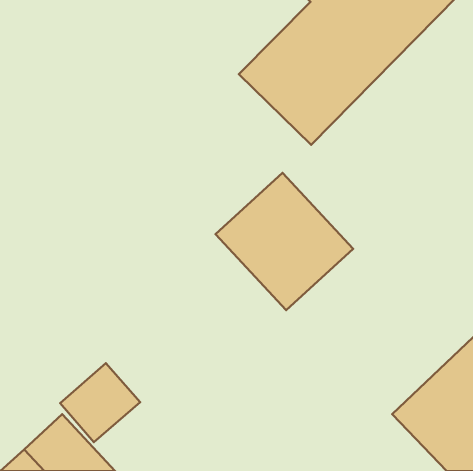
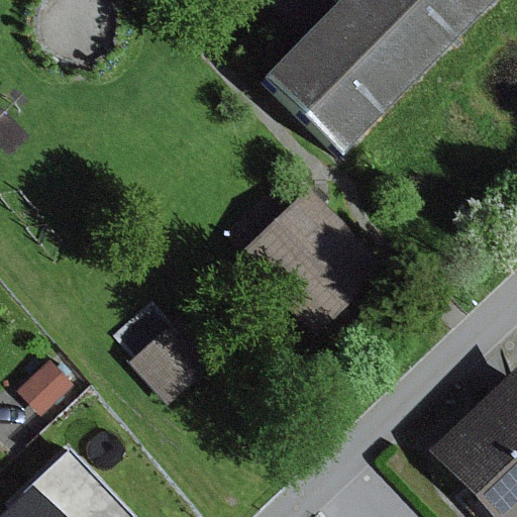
building: [60,363,140,442] -> [129,316,216,402]

